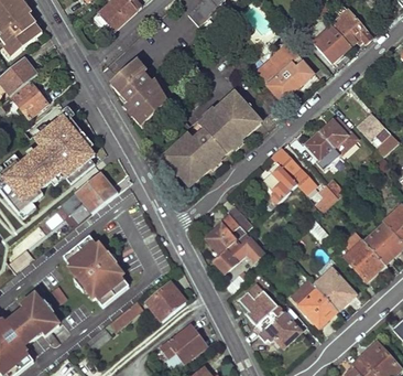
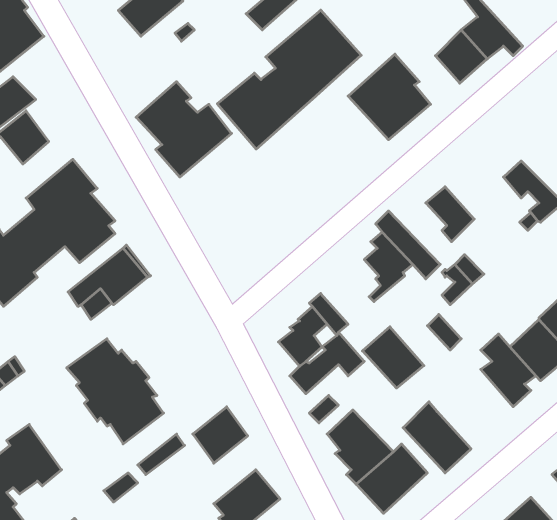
building: [160,89,258,184] -> [217,10,361,149]
building: [319,119,357,153] -> none
building: [314,268,356,310] -> [362,327,424,388]

